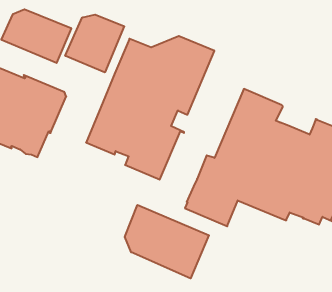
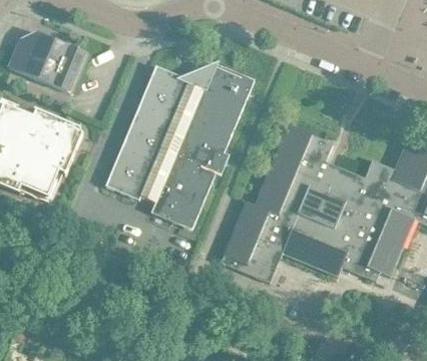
building: [65,15,124,72] -> none
building: [125,205,209,278] -> none

